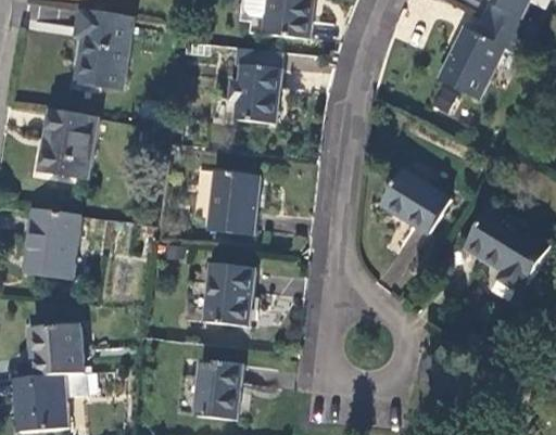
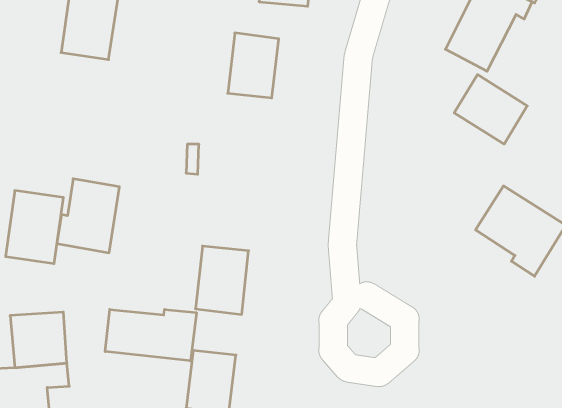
building: [39,111,98,180] -> [57,179,119,253]
building: [382,169,451,234] -> [454,75,527,144]
building: [210,171,258,234] -> none
building: none -> [105,309,196,361]

